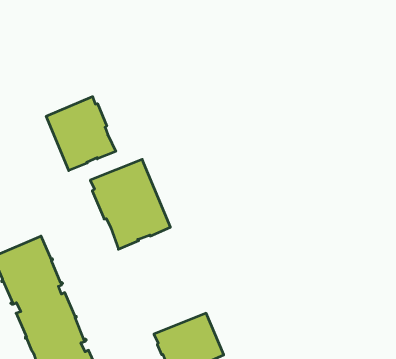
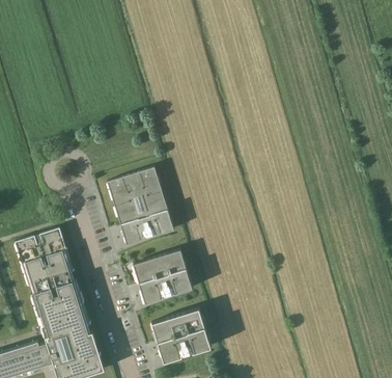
building: [46,97,116,171] -> none
building: none -> [121,249,192,303]

